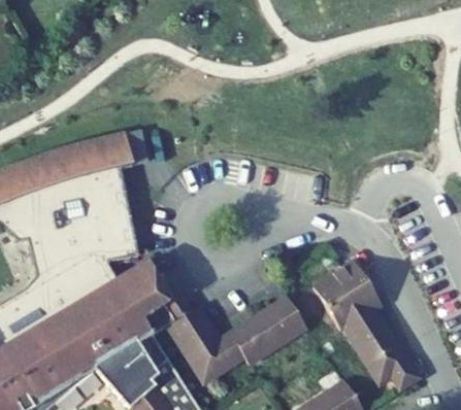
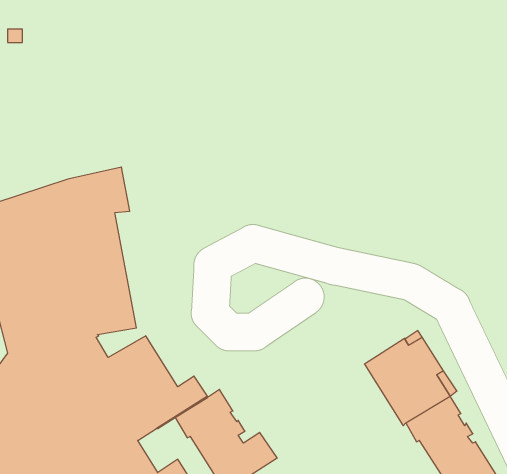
building: [229,296,308,365] -> none

